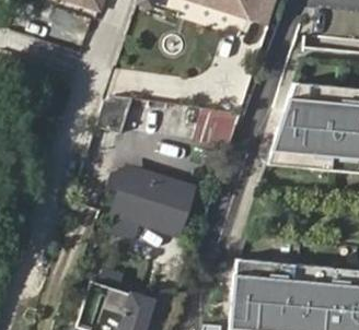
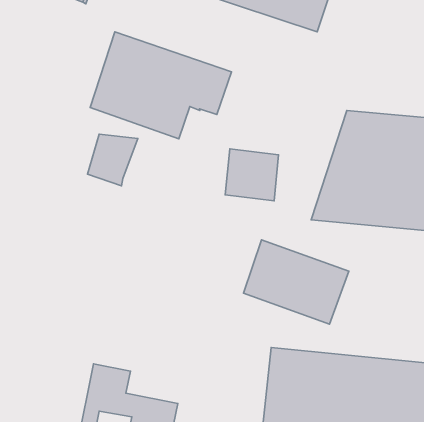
building: none -> [90,32,231,139]
building: [111,174,188,236] -> [244,240,349,324]

